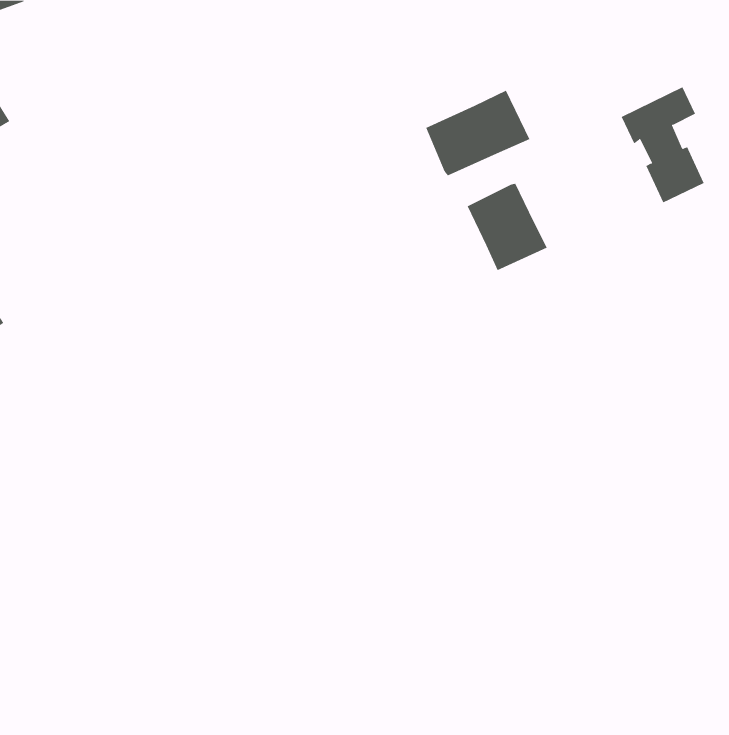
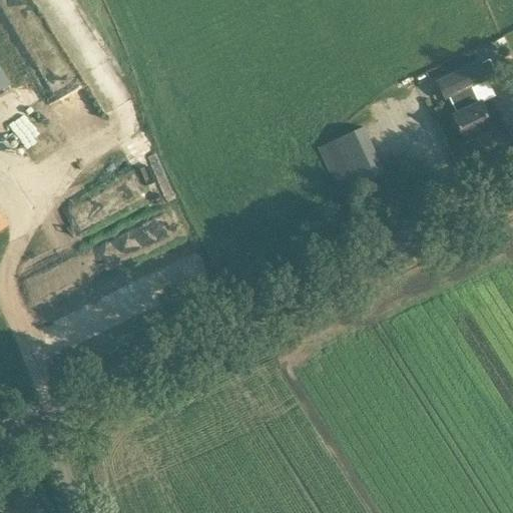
building: [425,90,530,176] -> none

